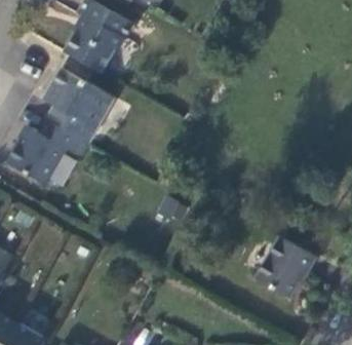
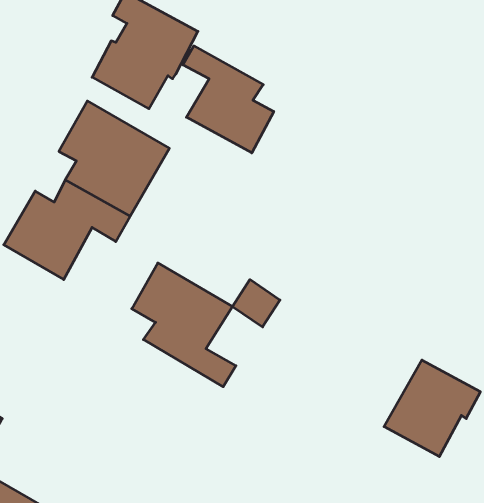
building: none -> [183,46,274,153]
building: none -> [132,263,236,387]

